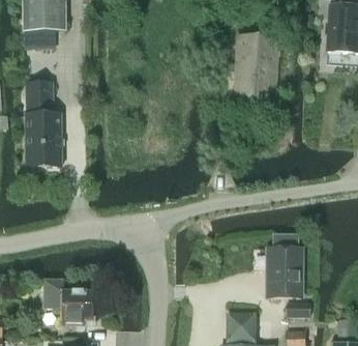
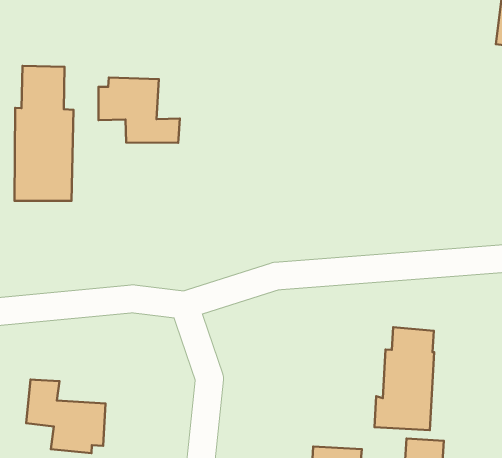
building: [233,35,276,106] -> none
building: none -> [99,78,180,143]

